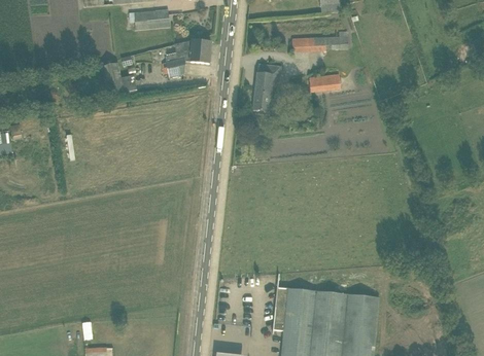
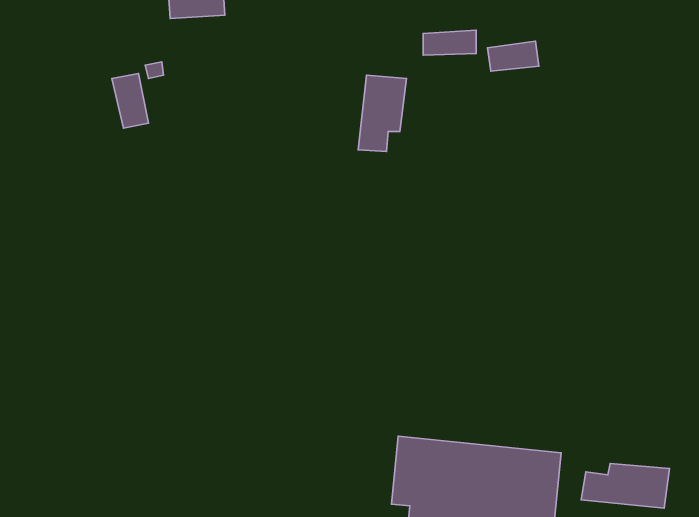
building: [165,40,211,77] -> none
building: [309,73,341,92] -> [487,41,539,71]
building: none -> [581,463,669,508]

